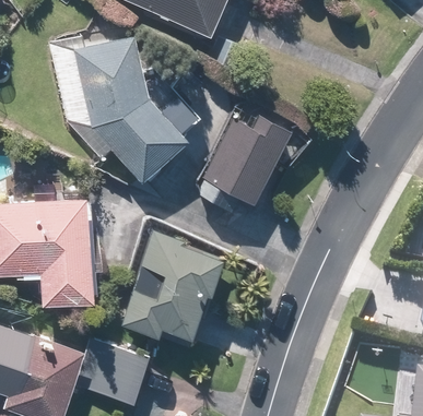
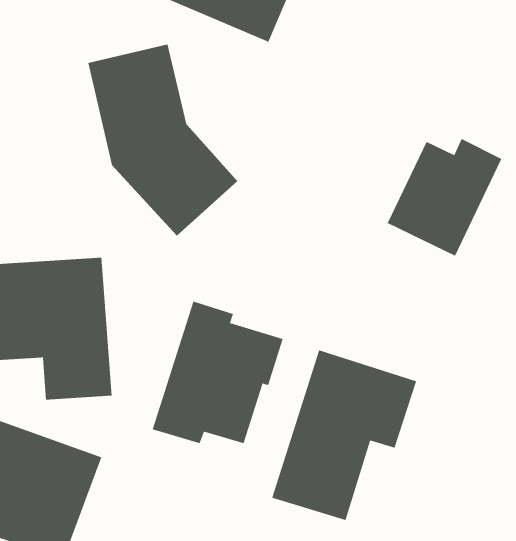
building: [202,116,289,204] -> [387,138,502,257]
building: none -> [272,350,417,521]
building: [75,337,149,404] -> none

